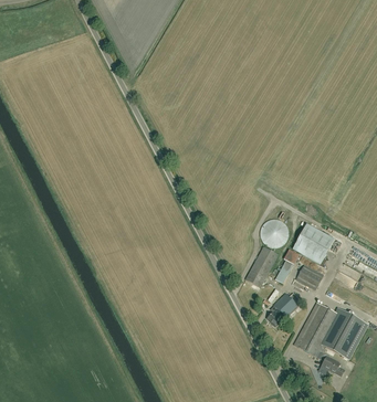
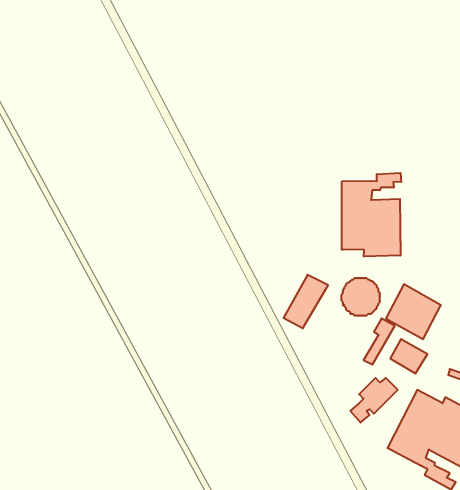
building: none -> [342,173,401,257]
building: [245,246,279,286] -> [284,275,328,328]

